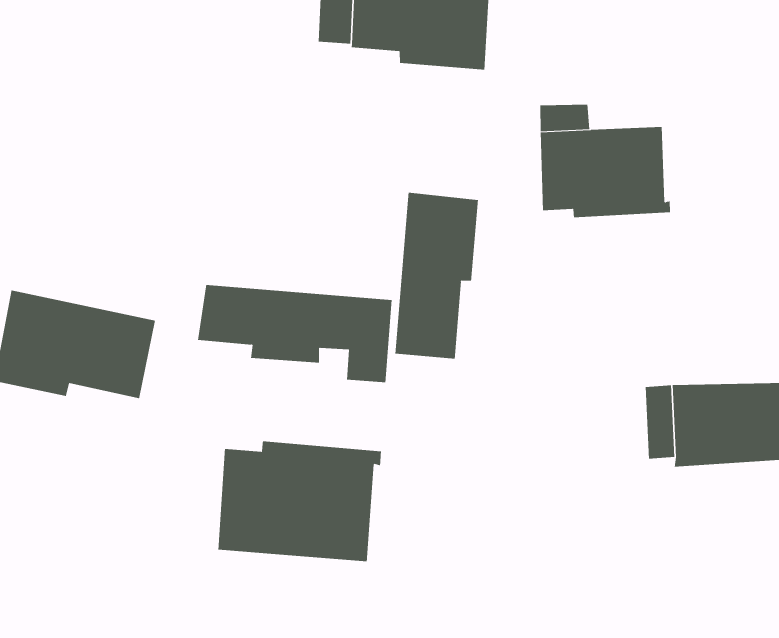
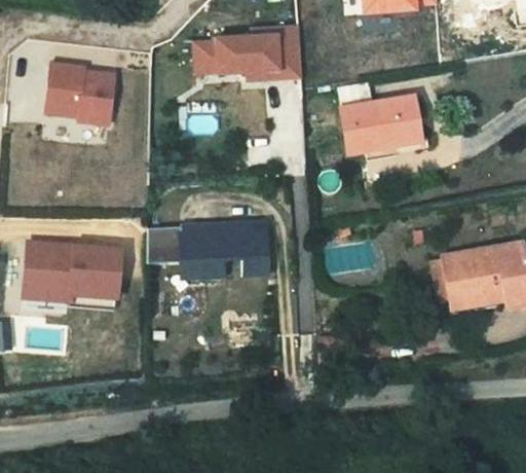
building: none -> [45,65,114,124]
building: [395,192,478,360] -> none
building: [218,440,381,562] -> none

